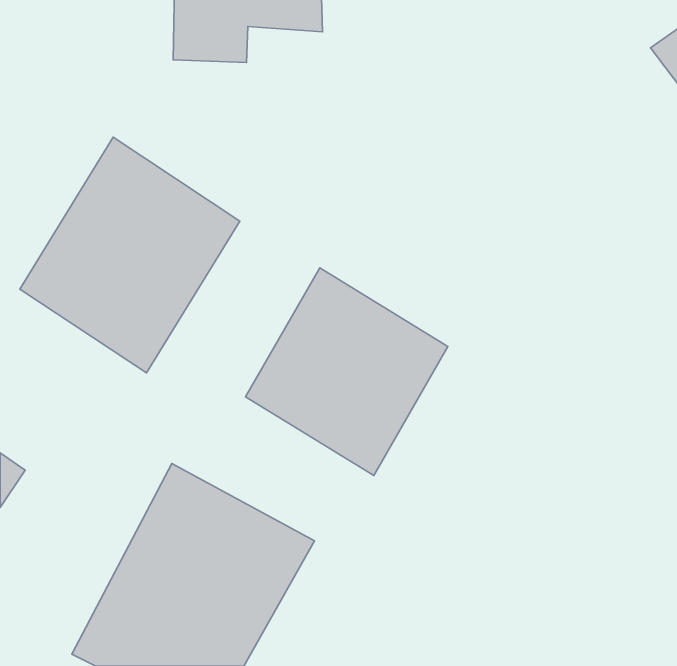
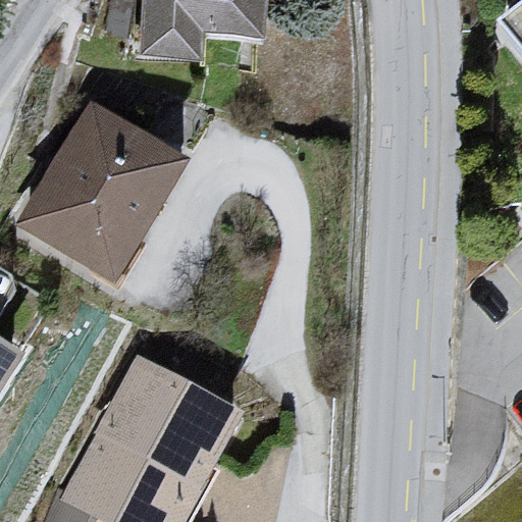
building: [246,268,448,476] -> none

